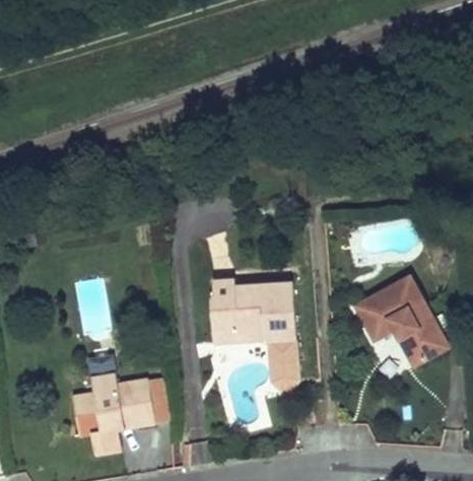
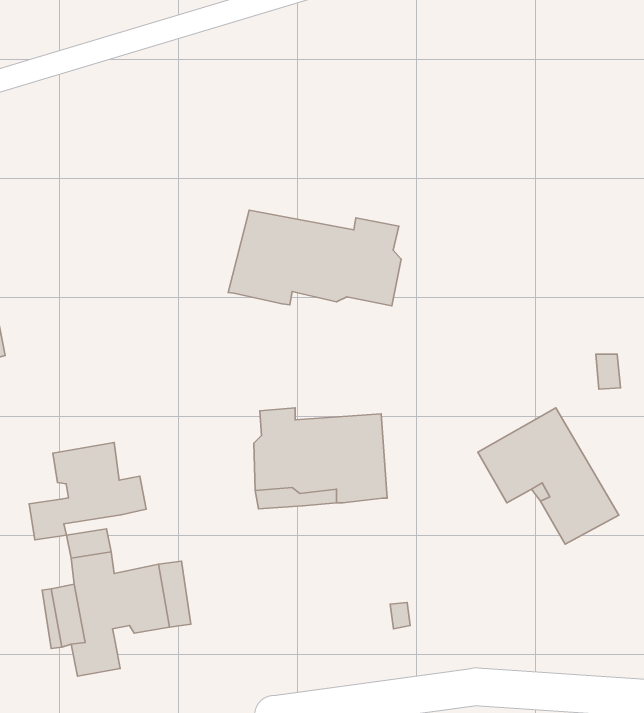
building: none -> [228,210,401,306]
building: none -> [29,443,146,540]
building: [268,337,296,387] -> none

